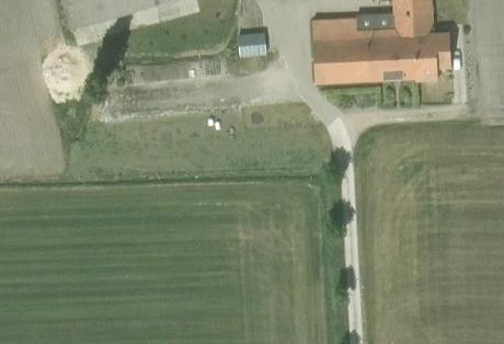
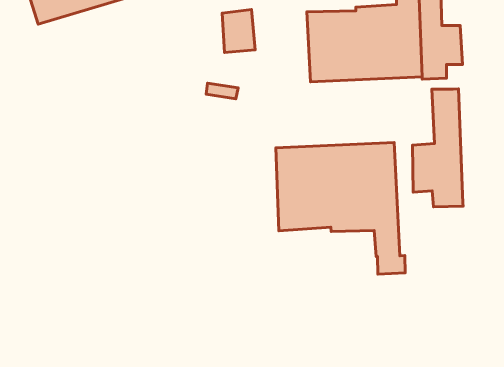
building: none -> [412,89,463,207]
building: none -> [276,143,405,274]

